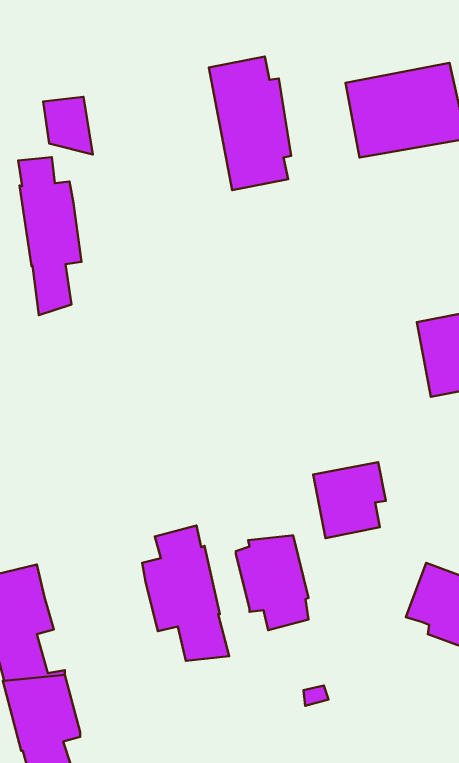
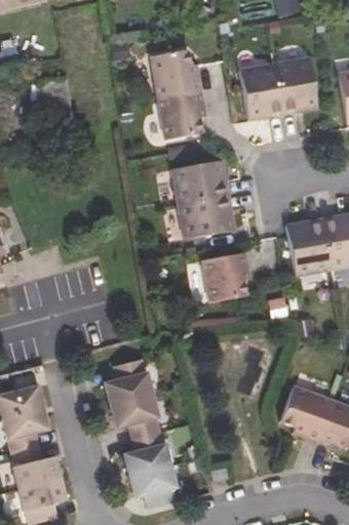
building: [18,157,82,315] -> none
building: none -> [172,162,234,239]
building: [313,462,386,538] -> [199,252,247,302]
building: [236,536,309,630] -> [126,447,174,510]

